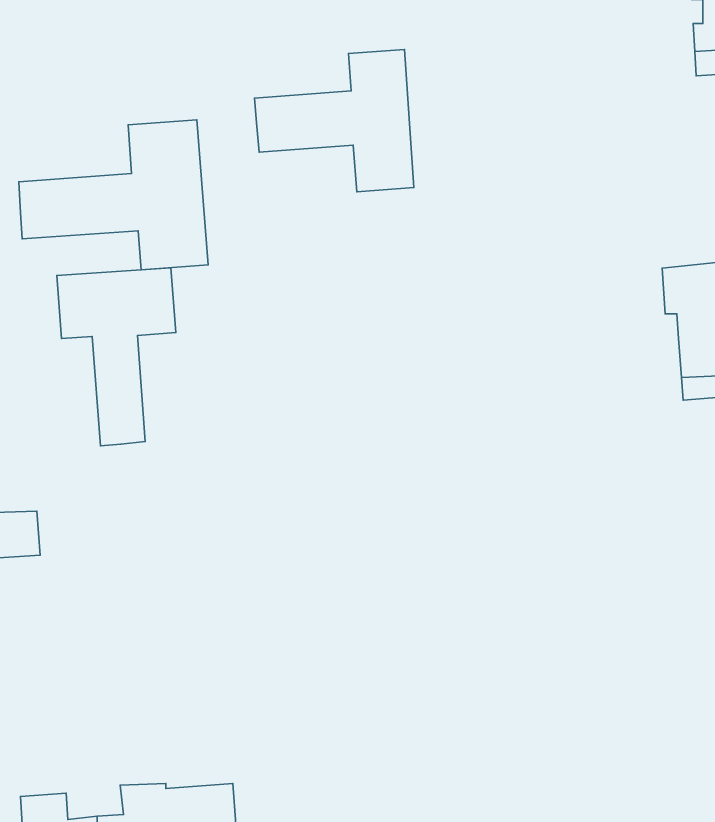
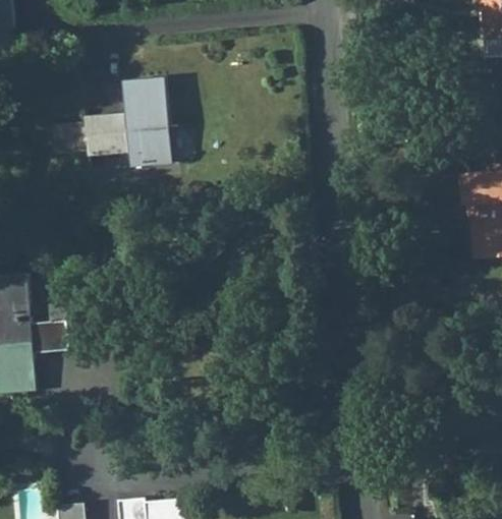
building: [254,49,414,192] -> none
building: [57,268,176,446] -> none

